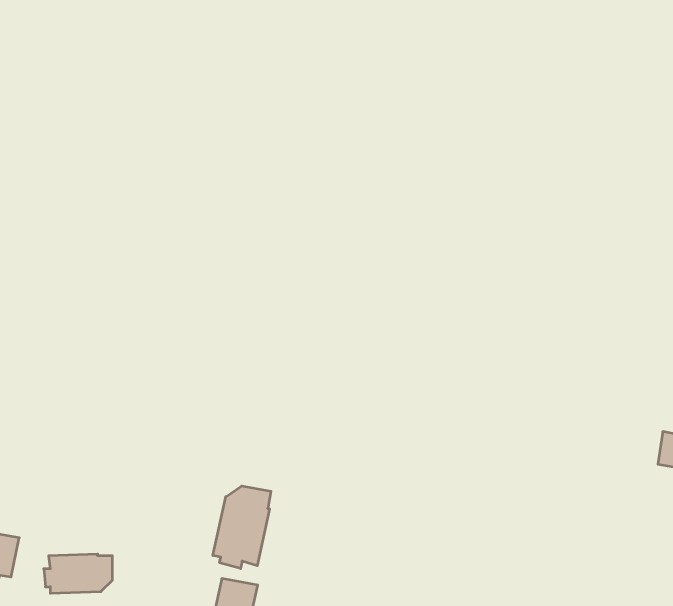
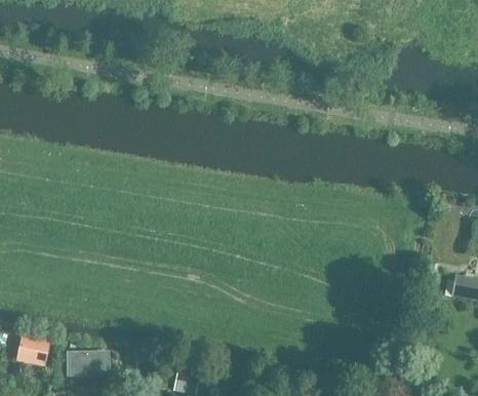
building: [213,486,271,569] -> none

